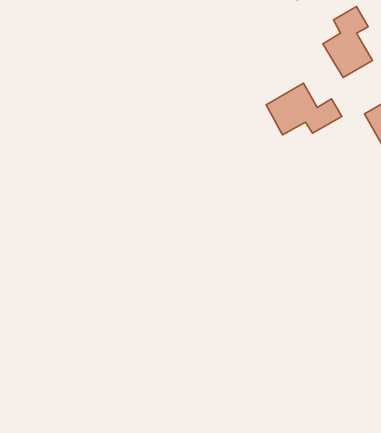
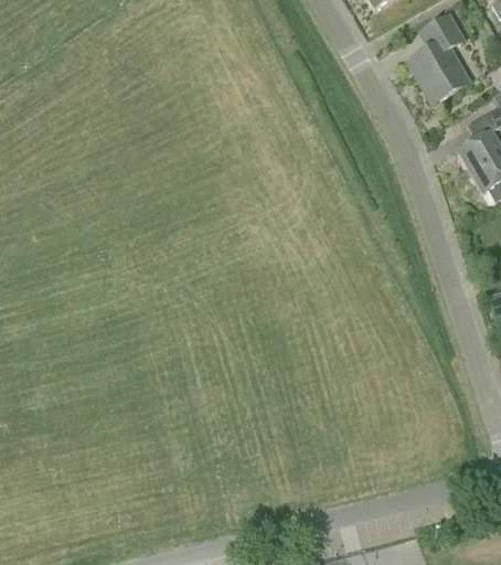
building: [266,83,342,135] -> none

